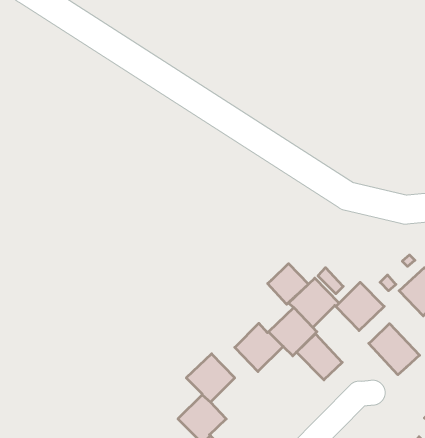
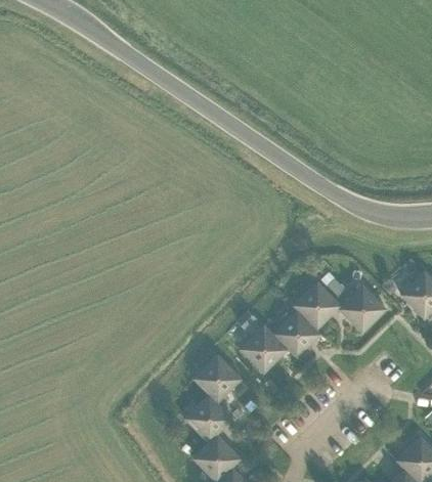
building: [268,264,308,304] -> none
building: [369,324,420,375] -> none
building: [296,334,342,380] -> none

